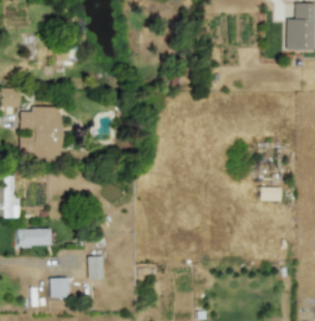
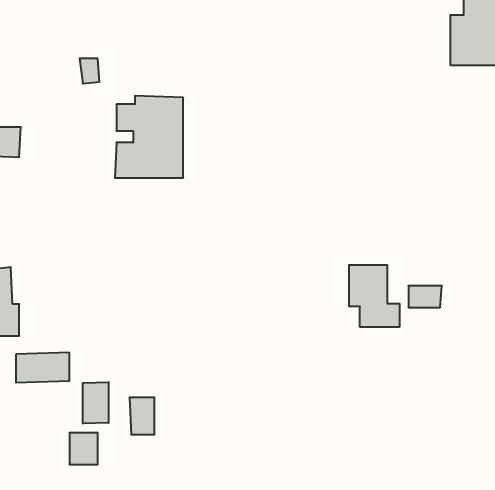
building: [19,106,61,156] -> [115,96,183,178]
building: none -> [349,265,399,327]
building: none -> [83,382,109,424]

